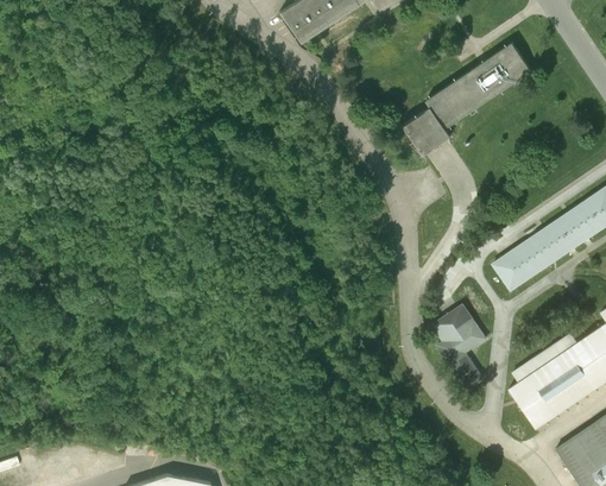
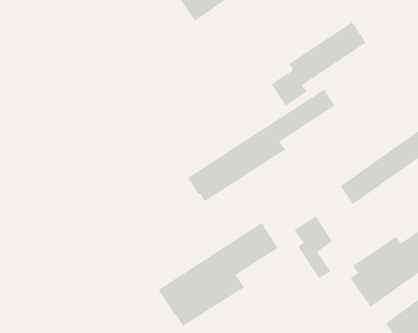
building: none -> [187,89,336,202]
building: none -> [158,222,278,327]

